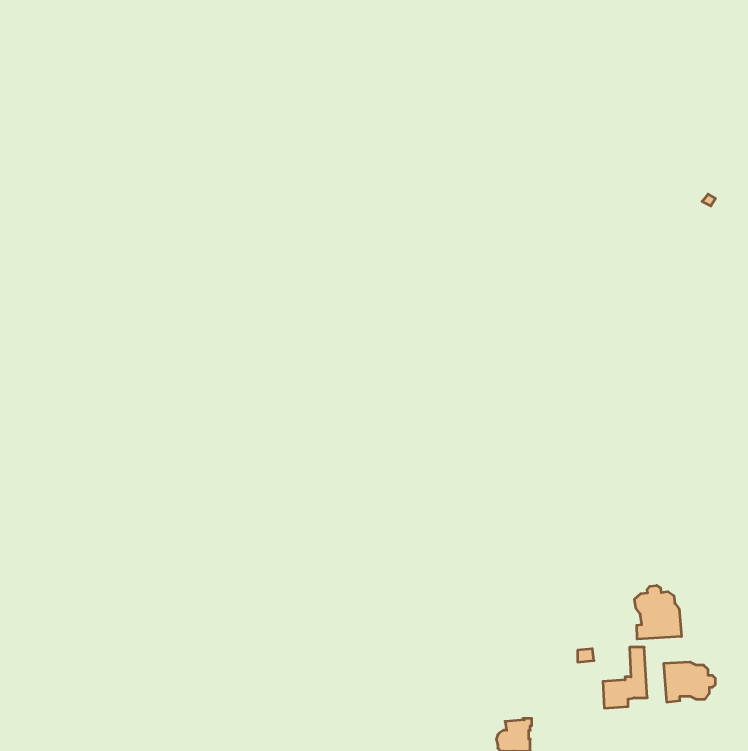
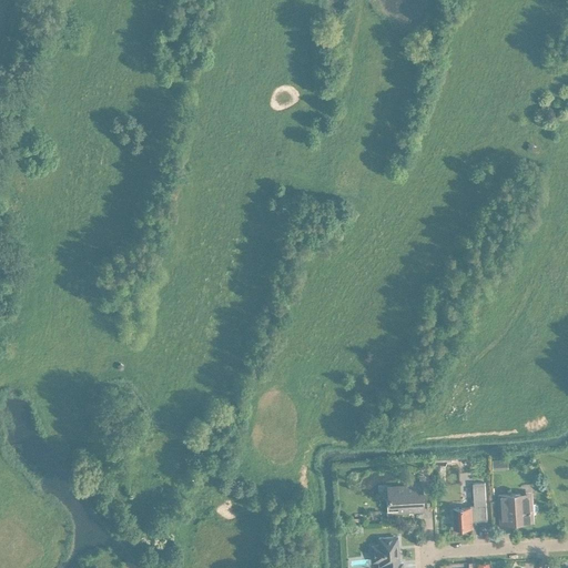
building: [635,585,681,639] -> none
building: none -> [387,488,422,514]

